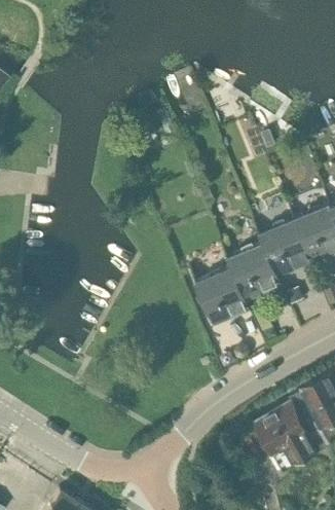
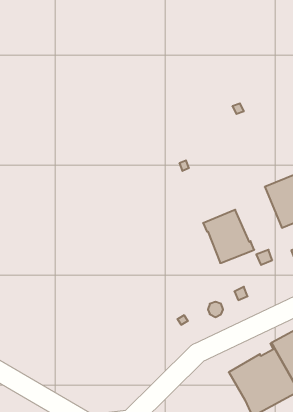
building: [259,220,312,280] -> none
building: [195,268,251,327] -> none

